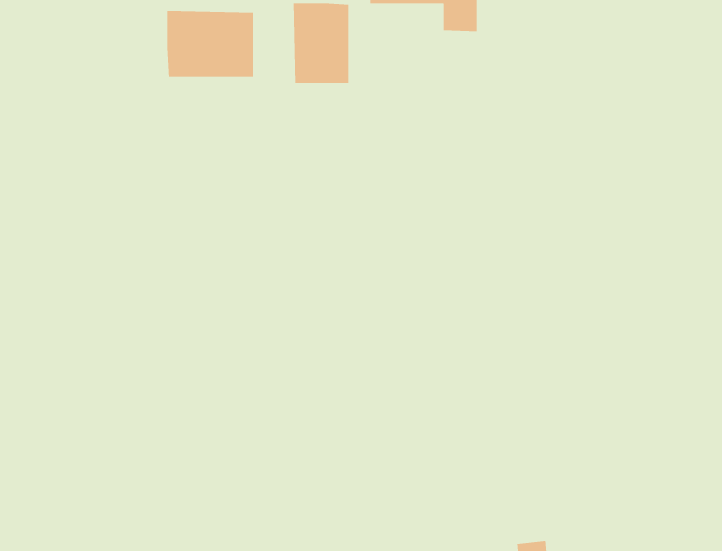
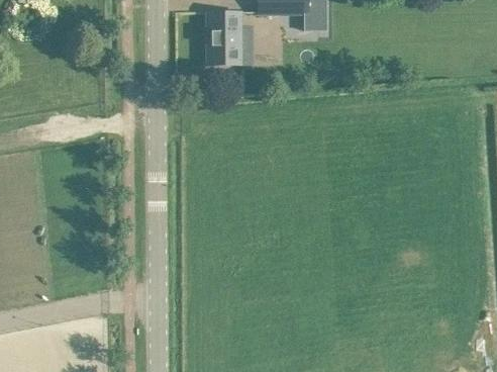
building: [167,10,254,77] -> none

